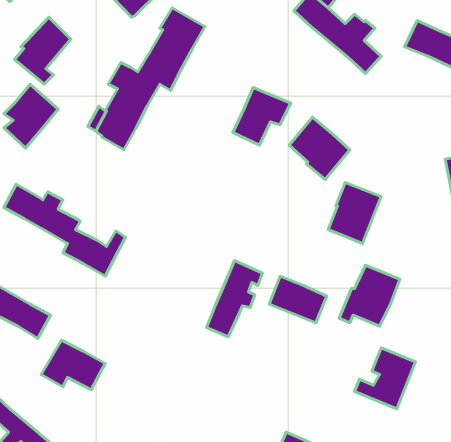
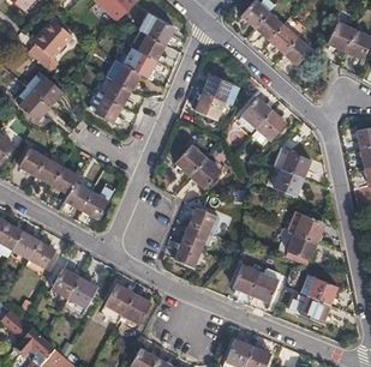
building: none -> [176,144,221,187]
building: [269,276,327,323] -> [234,265,279,301]
building: none -> [102,285,151,330]

